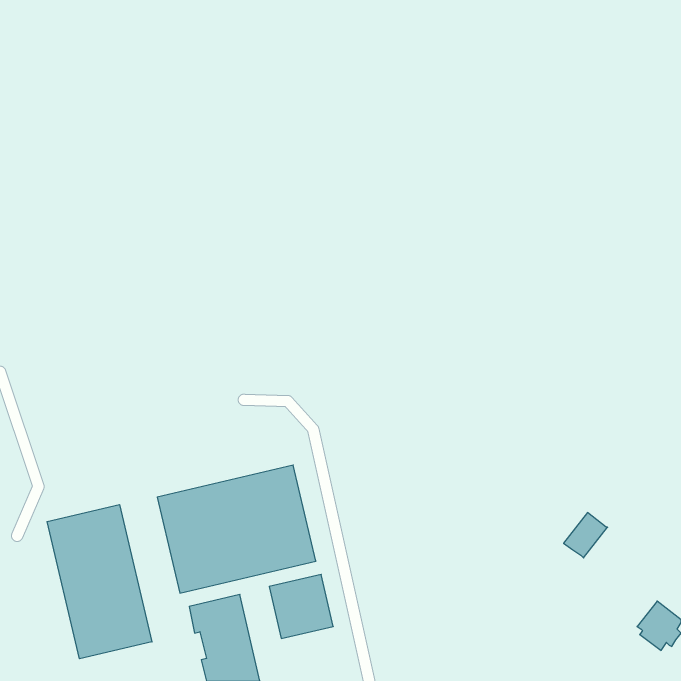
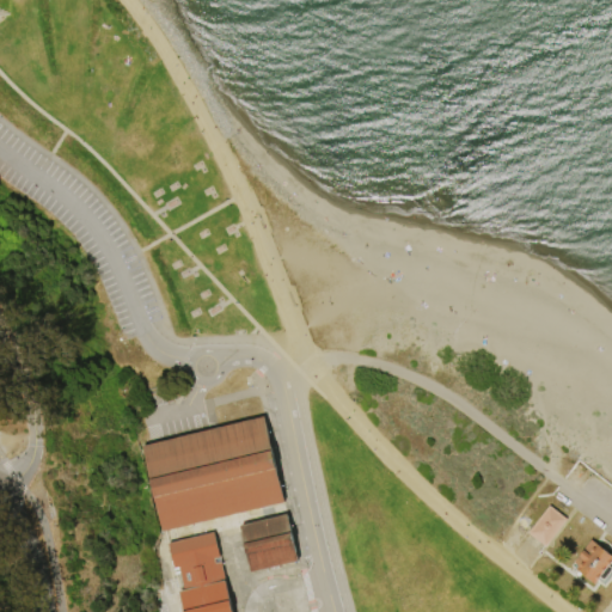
building: [47,505,152,659] -> none
building: [564,513,608,558] -> [526,506,565,546]

